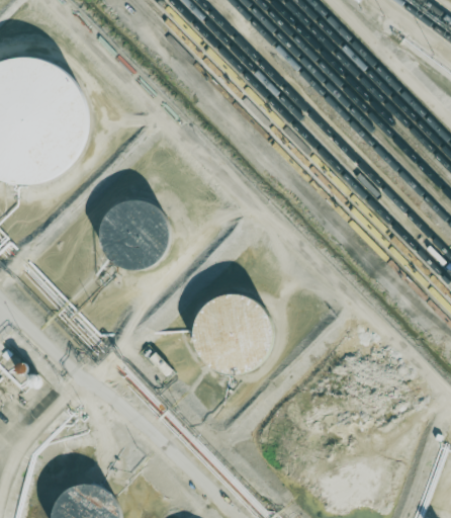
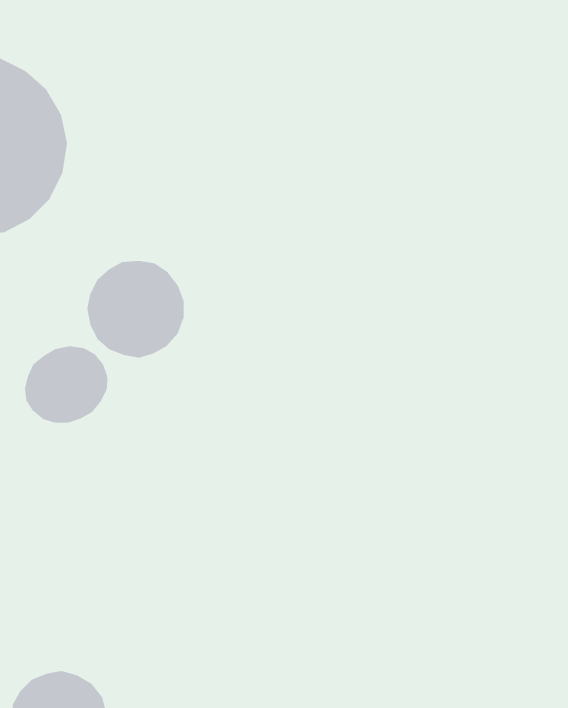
building: none -> [24,346,108,424]
building: [192,293,271,373] -> none

